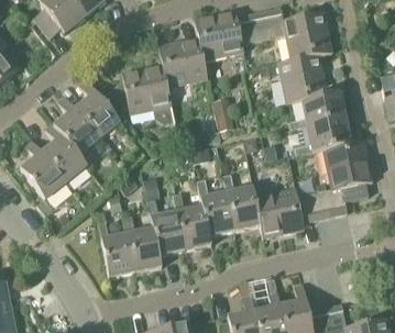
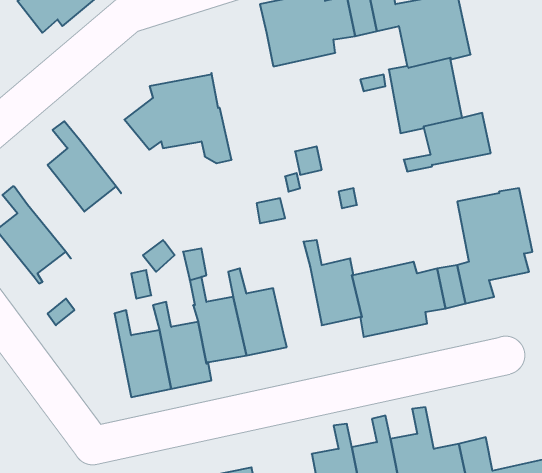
building: [157,37,208,87] -> none
building: [75,78,120,143] -> none
building: [294,116,351,155] -> none
building: [41,122,87,186] -> none
building: [197,178,234,235] -> none

